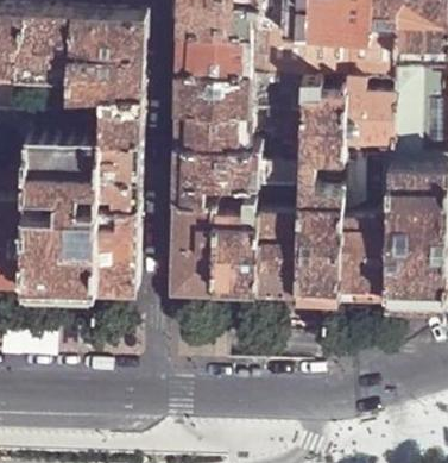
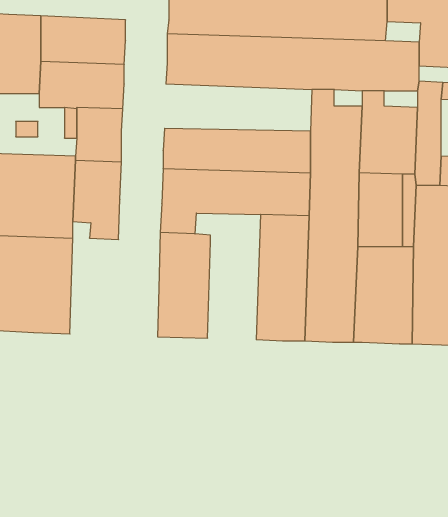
building: [175,80,301,120] -> none
building: [201,190,257,299] -> none
building: [94,198,135,295] -> none

